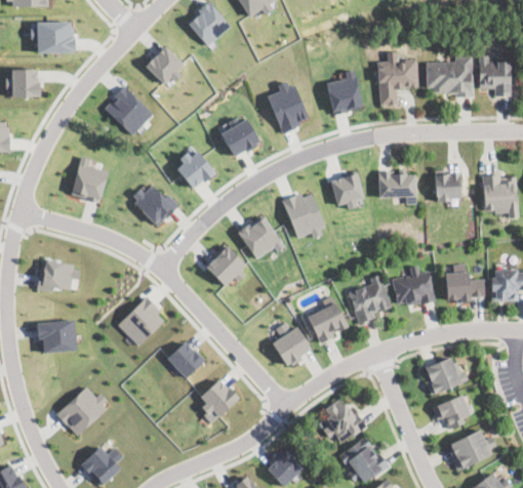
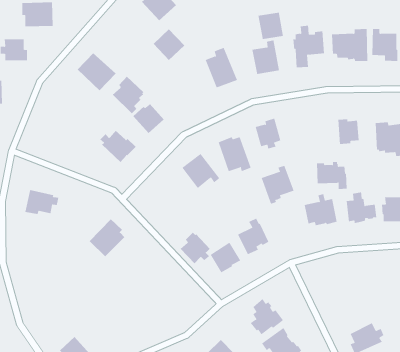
building: none -> [258,12,284,40]
building: [144,45,185,86] -> [153,29,185,61]
building: none -> [112,76,144,114]
building: [219,119,259,157] -> none
building: [71,157,109,203] -> none
building: [378,169,418,205] -> [316,161,347,190]
building: [207,245,246,286] -> [180,232,210,264]
building: [349,275,392,325] -> [261,165,295,204]
building: [36,320,76,354] -> none
building: [167,341,203,378] -> none
building: [425,358,468,395] -> none
building: [200,380,239,417] -> none
building: [56,388,107,437] -> none
building: [432,395,470,430] -> none

